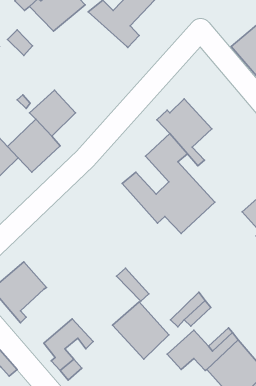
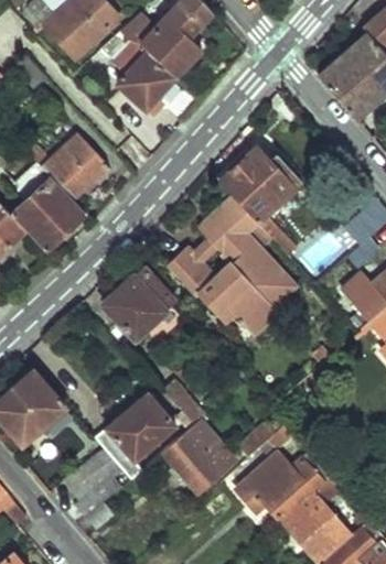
building: none -> [104,29,176,115]
building: none -> [107,269,179,339]
building: none -> [93,391,178,479]

